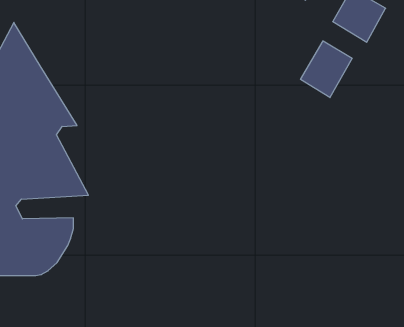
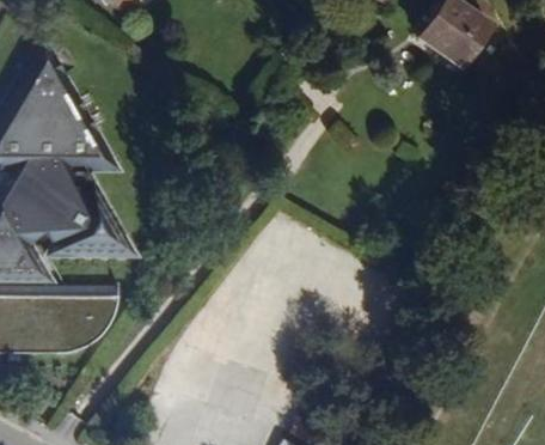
building: [301,41,352,98] -> none

